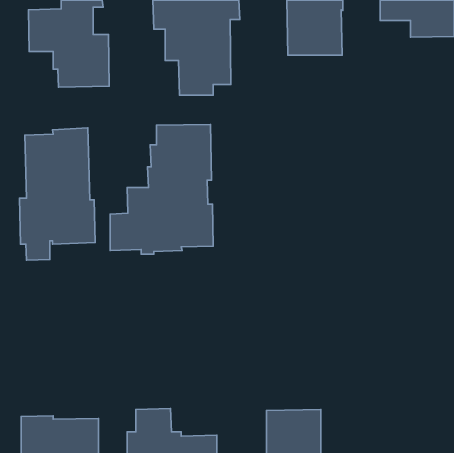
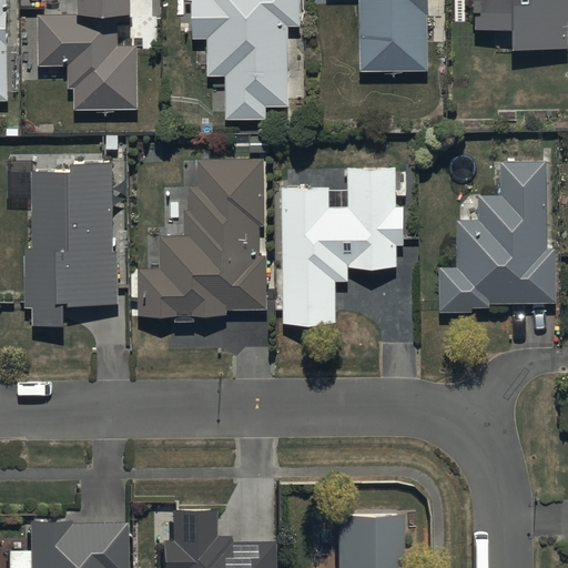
building: none -> [438,161,555,312]
building: none -> [280,164,403,323]

